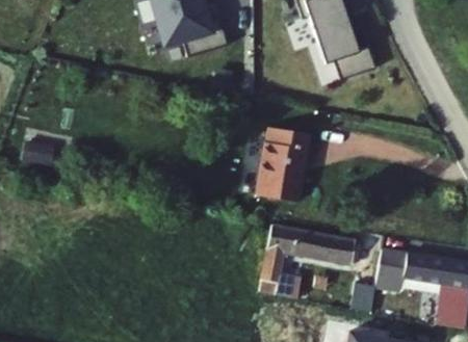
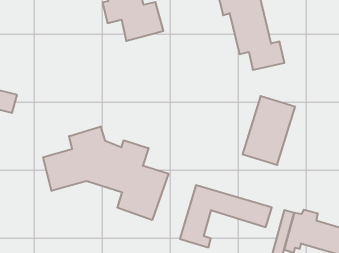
building: [262,124,318,201] -> [242,96,295,165]
building: none -> [43,126,168,220]

